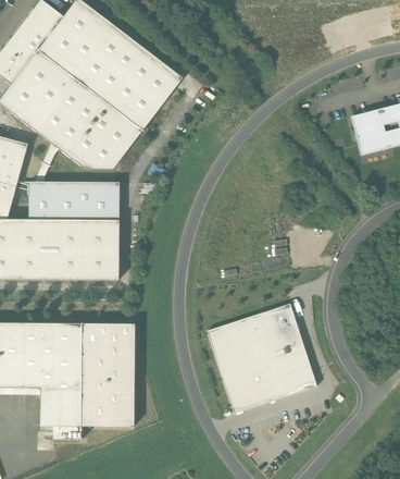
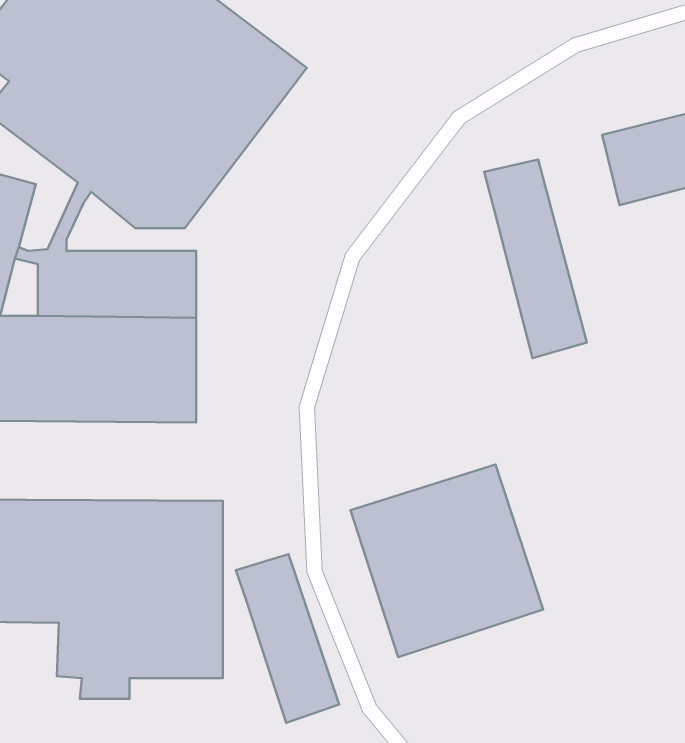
building: none -> [484,159,587,358]
building: none -> [236,554,339,723]

